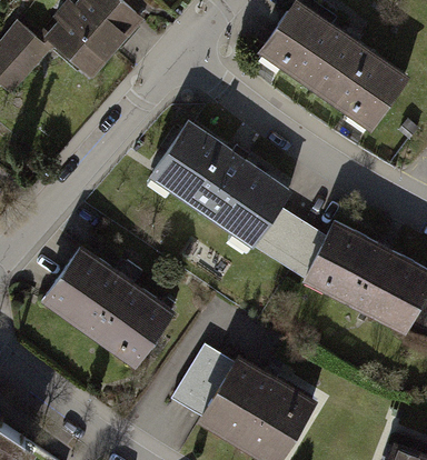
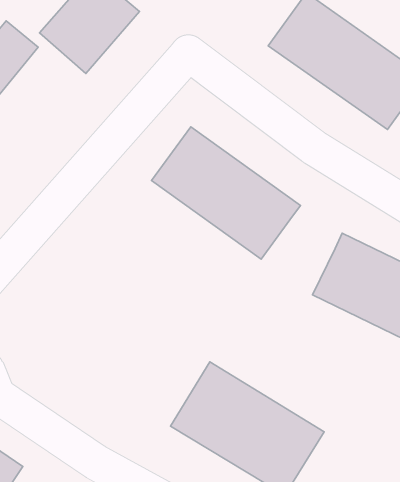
building: [255,211,324,281] -> none
building: [41,249,170,366] -> none

